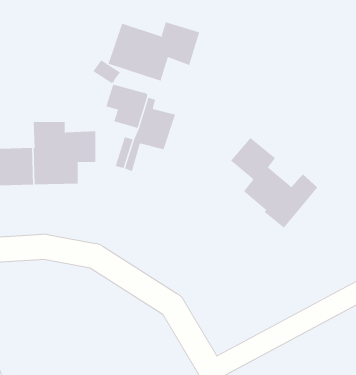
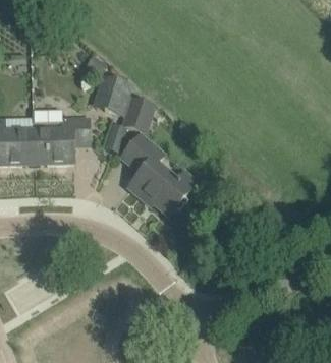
building: [108,22,200,82] -> none
building: [230,137,318,228] -> [121,135,198,215]

